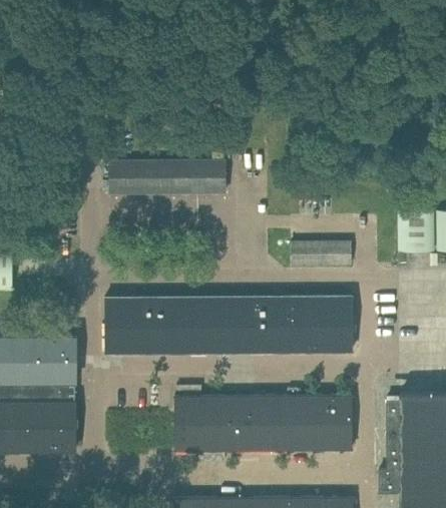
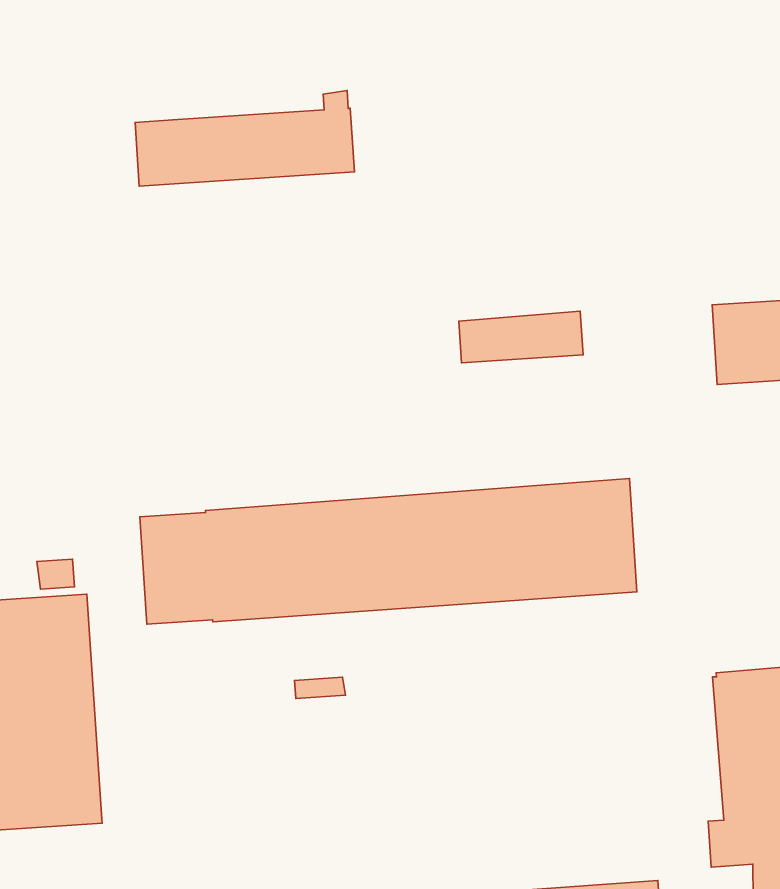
building: [116,152,225,193] -> [135,90,354,186]
building: [290,242,351,265] -> [459,311,583,363]
building: [174,389,352,451] -> none

